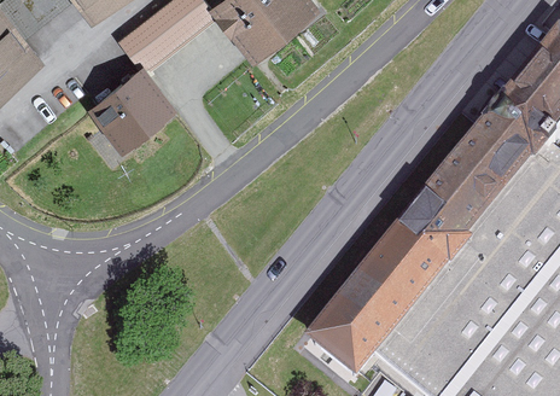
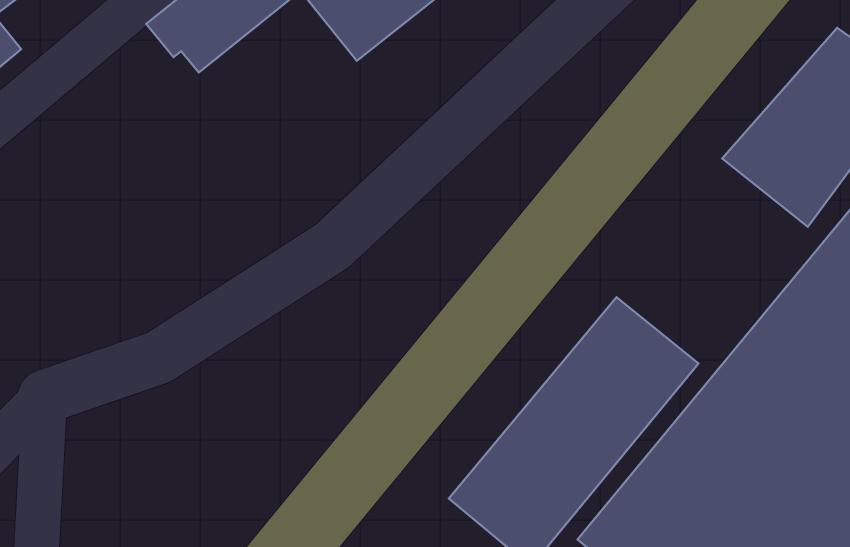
building: [91,68,179,152] -> none
building: [410,128,529,255] -> none

